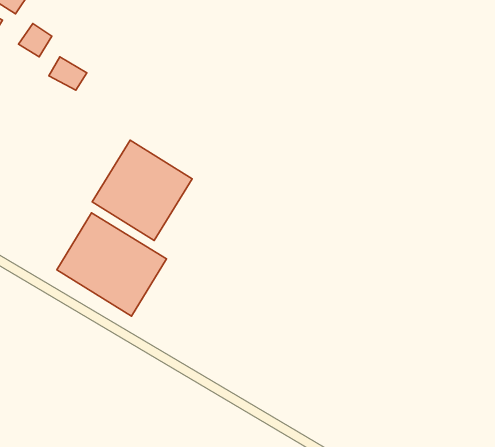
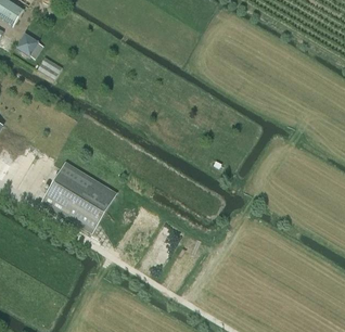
building: [92,140,192,240] -> none

